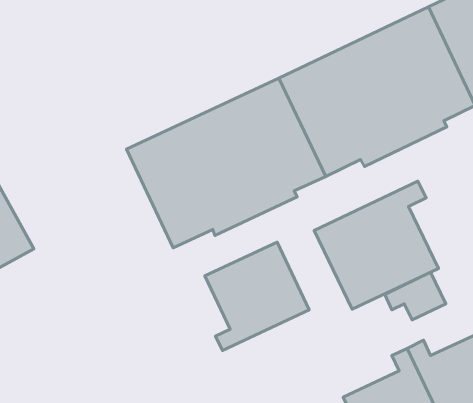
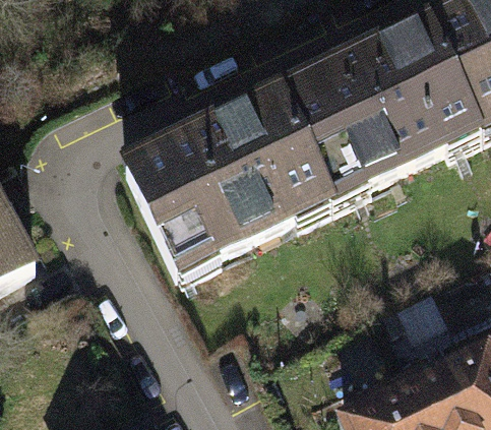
building: [314,181,438,309] -> none
building: [205,242,309,351] -> none

